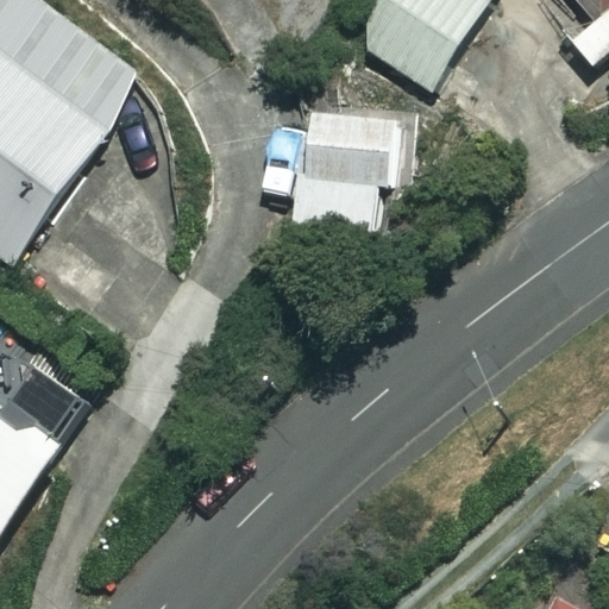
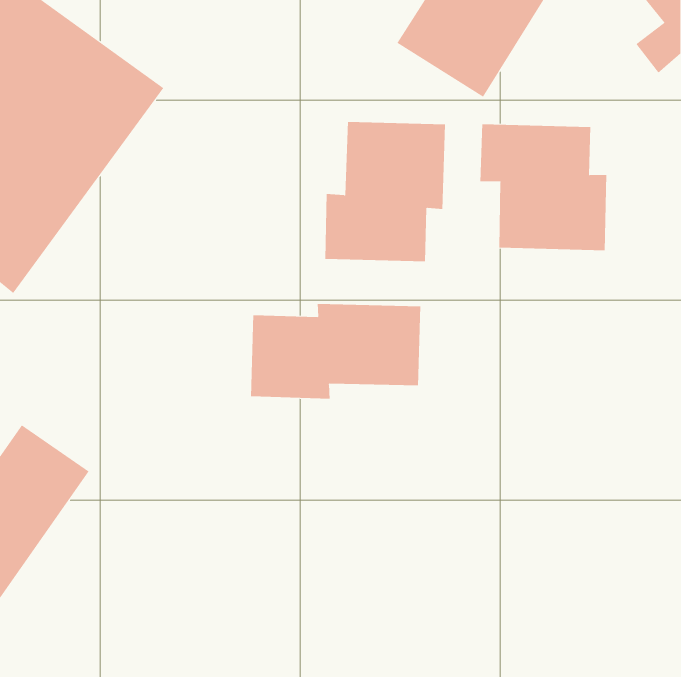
building: none -> [480,123,607,251]
building: none -> [251,303,421,399]

